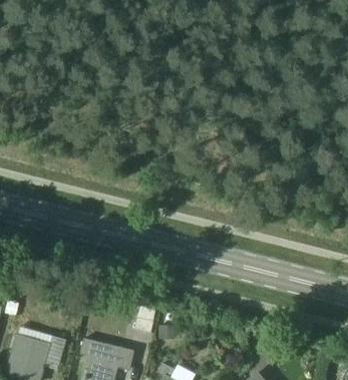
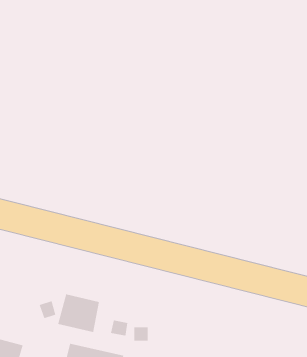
building: none -> [58,293,100,333]

